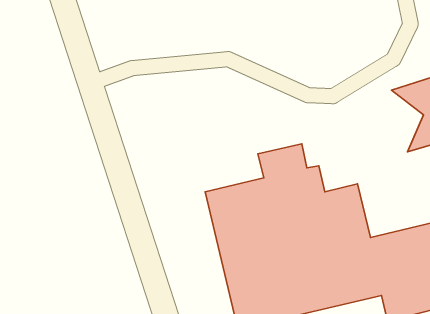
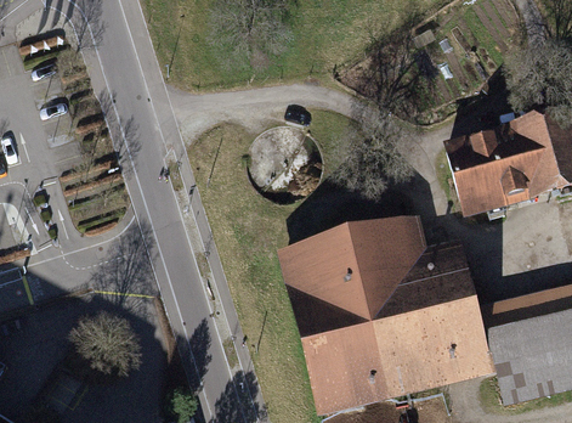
building: none -> [441,125,543,220]

